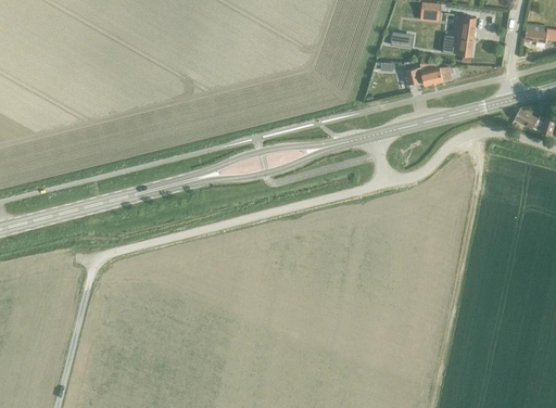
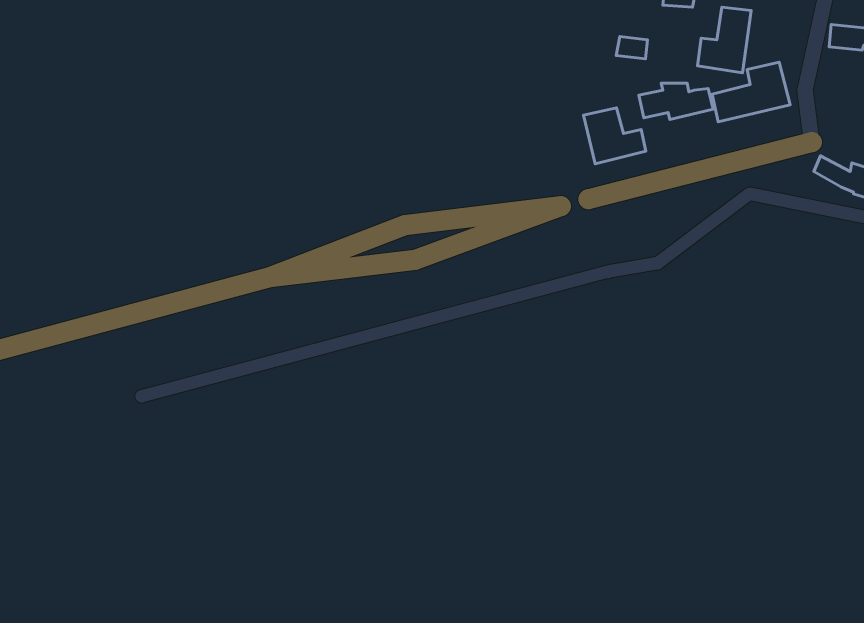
building: none -> [712,62,790,122]
building: none -> [584,108,646,164]

